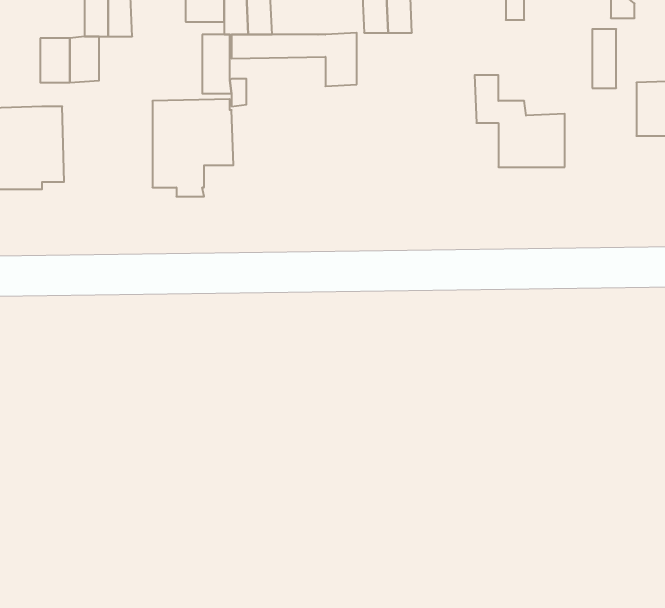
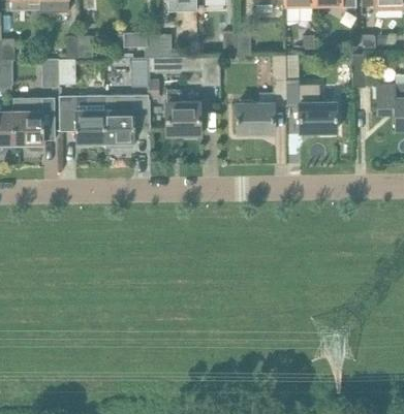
building: none -> [237,56,286,133]
building: none -> [166,91,199,139]
building: none -> [58,95,104,144]

